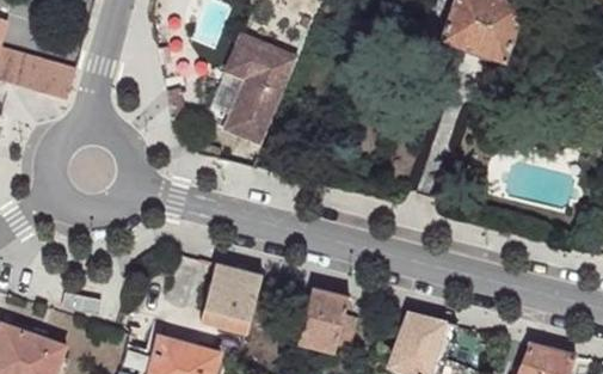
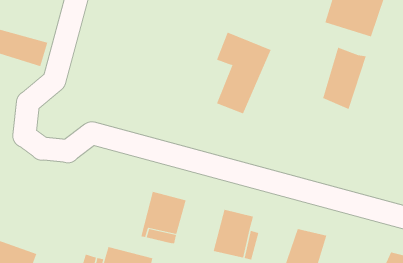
building: [227,33,300,142] -> [216,32,271,114]
building: none -> [322,47,366,110]

